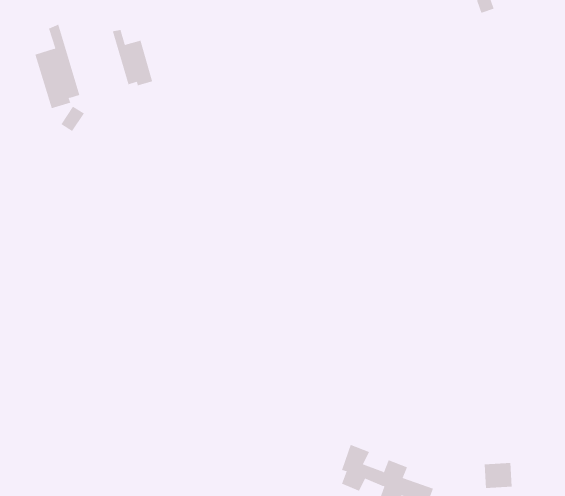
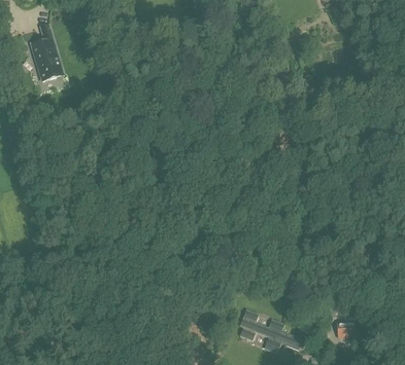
building: [112,29,153,86] -> none

